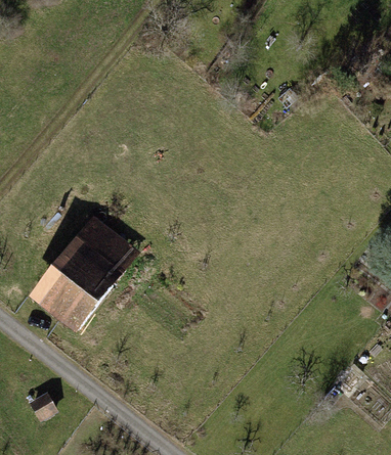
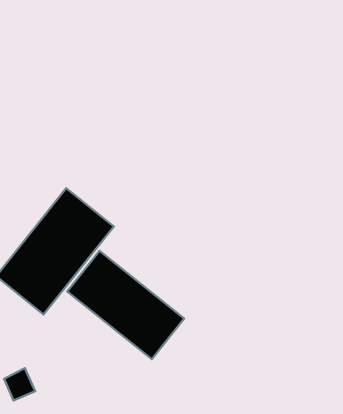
building: none -> [67,251,184,359]

